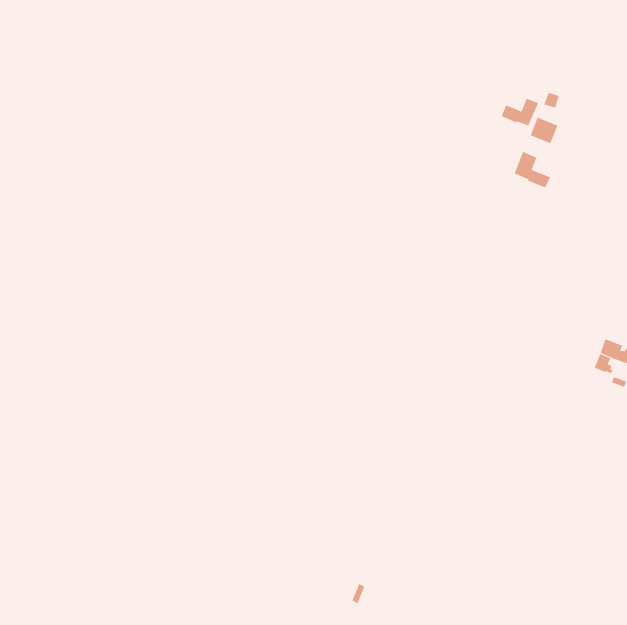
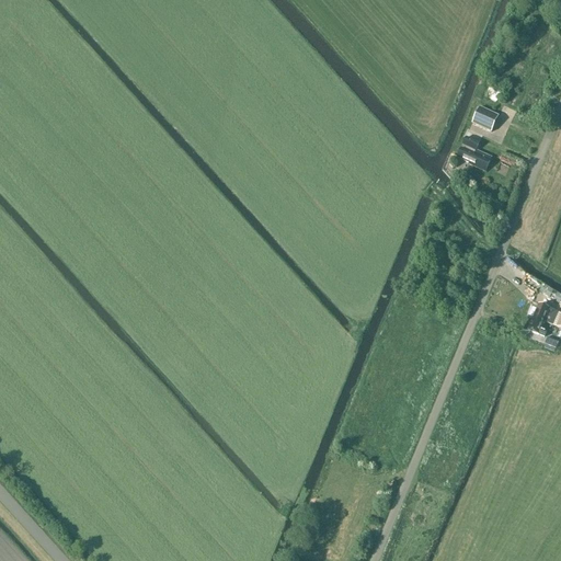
building: [501,98,539,126] -> none

